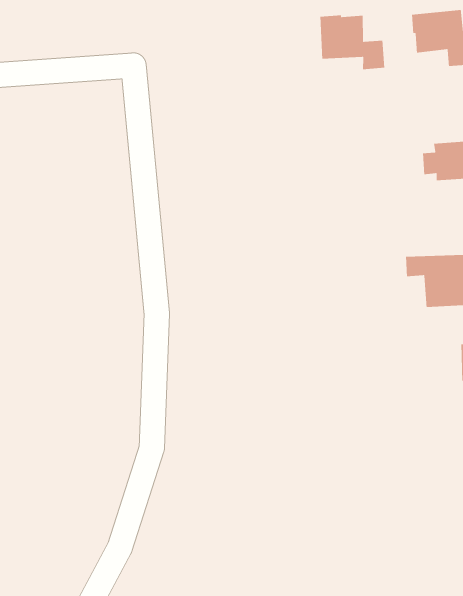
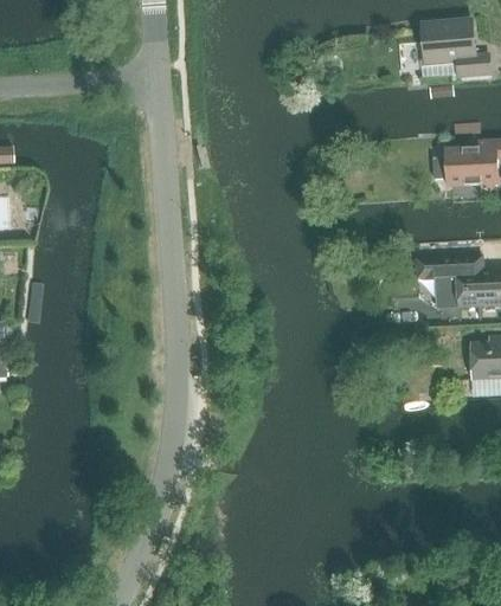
building: [320,14,385,70] -> none

